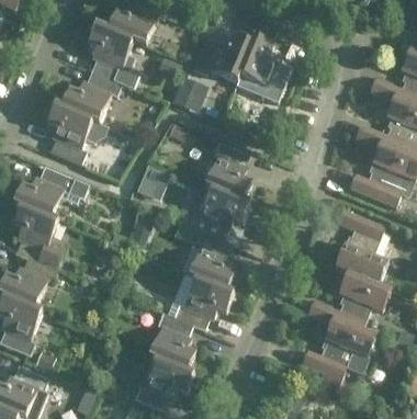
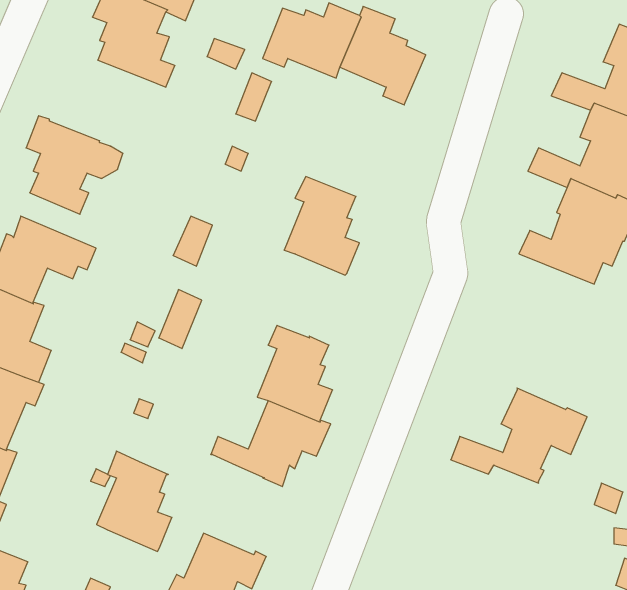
building: [61,70,122,123] -> none
building: [189,189,250,240] -> none
building: [335,208,387,284] -> none
building: [149,312,195,373] -> [97,451,172,551]
building: [302,318,376,381] -> none

